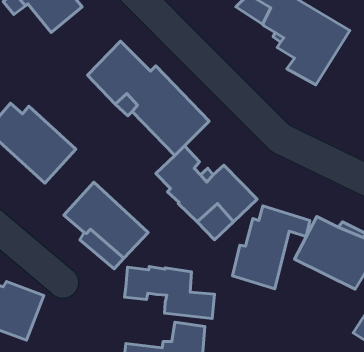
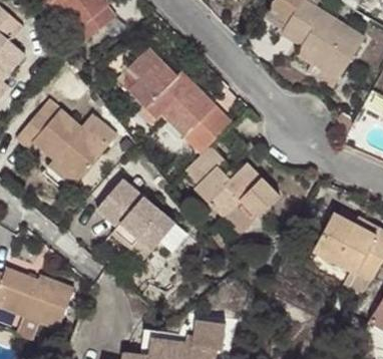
building: [232,206,310,289] -> none
building: [124,267,215,319] -> none

